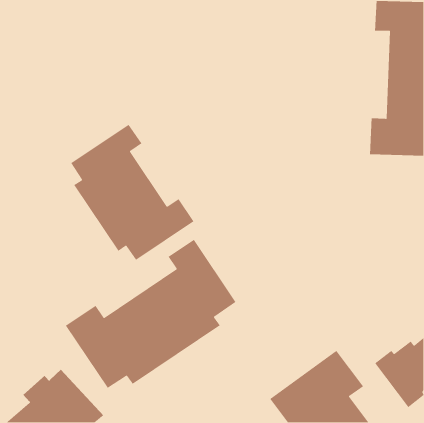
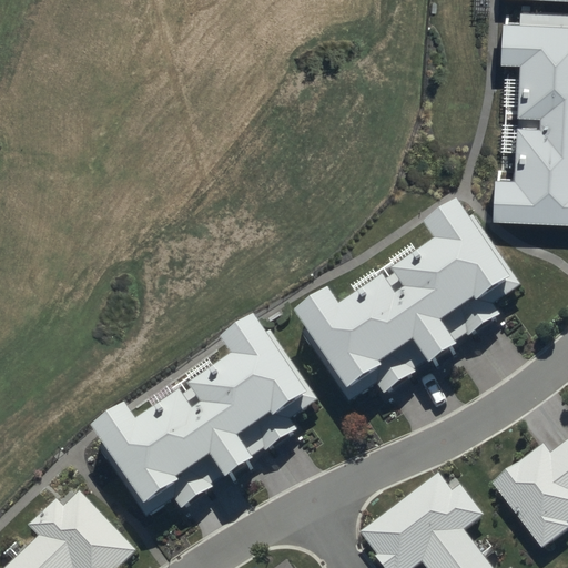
building: [70,124,194,261] -> none
building: none -> [288,203,518,398]

